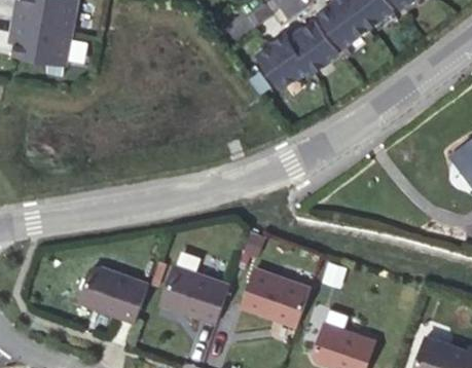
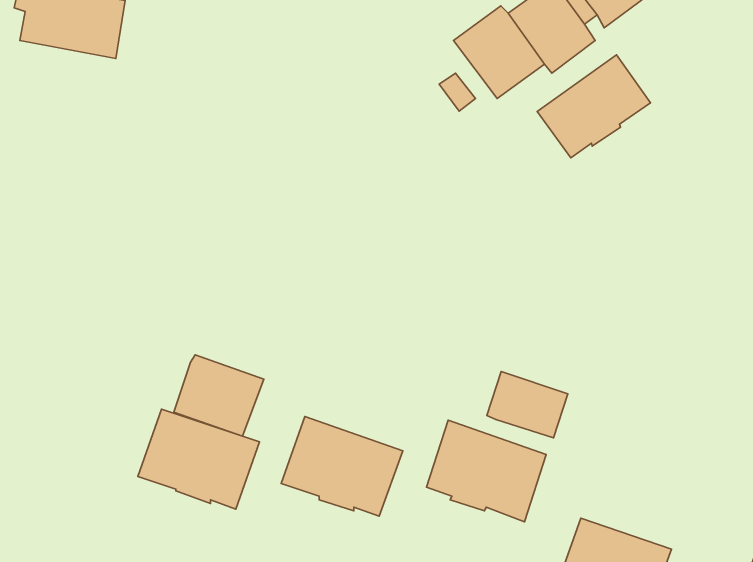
building: none -> [537,55,651,158]
building: none -> [174,355,264,436]
building: none -> [487,372,568,438]

